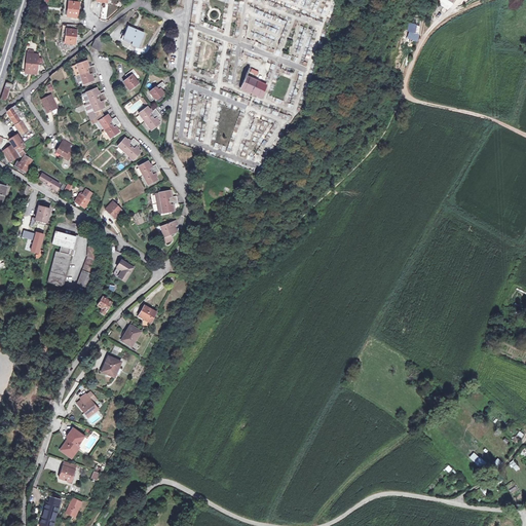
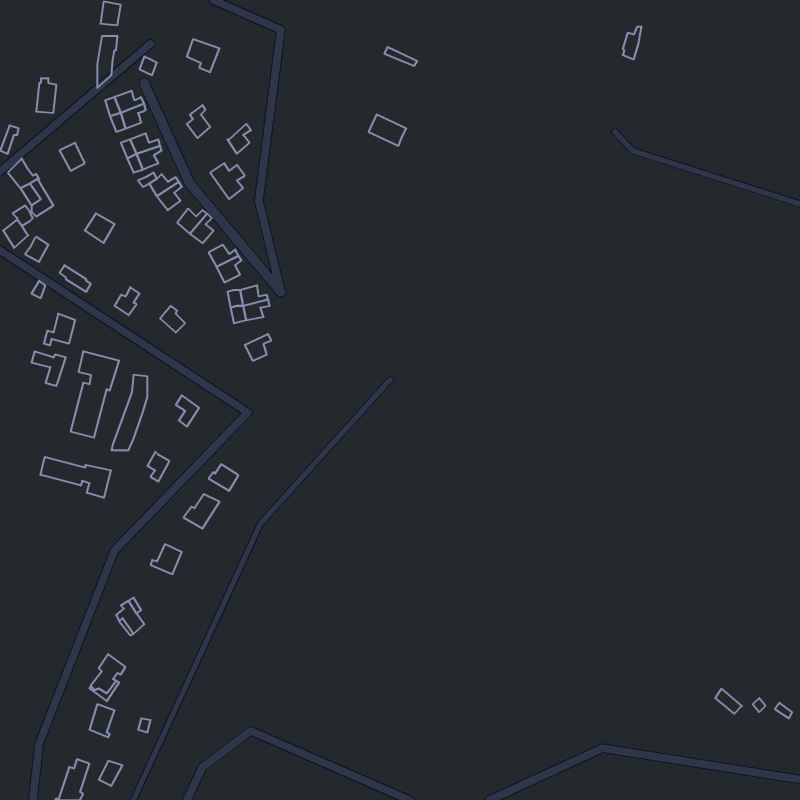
building: none -> [40,457,111,498]

